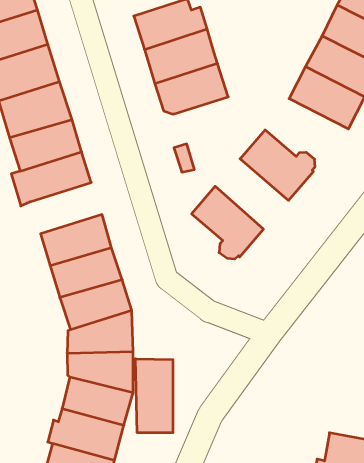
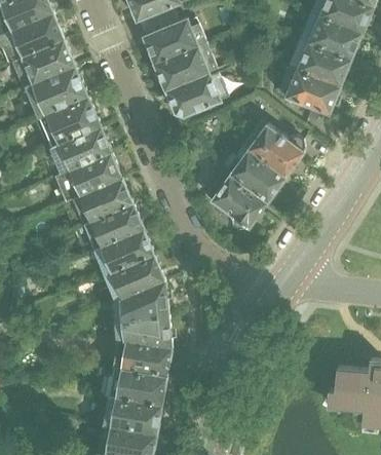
building: none -> [222,146,285,202]
building: none -> [72,177,132,223]
building: [136,359,173,433] -> none

